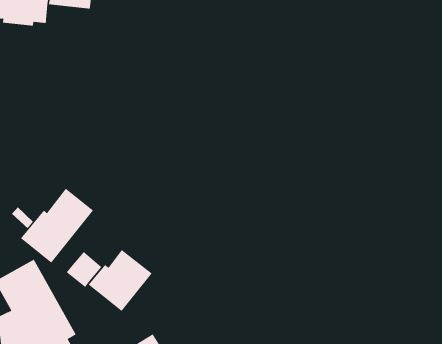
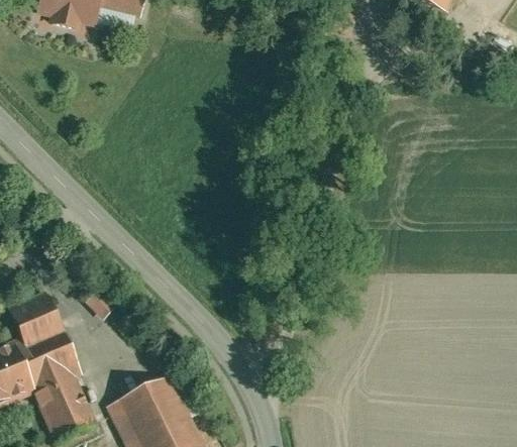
building: [20,188,94,263] -> none
building: [88,249,152,312] -> none

